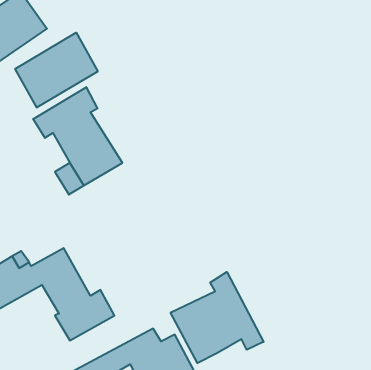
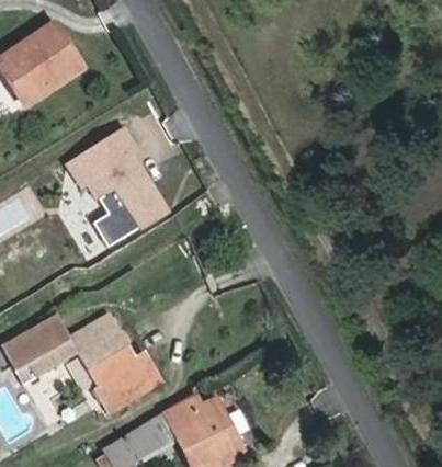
building: [15,33,98,108] -> none
building: [171,272,264,363] -> none

